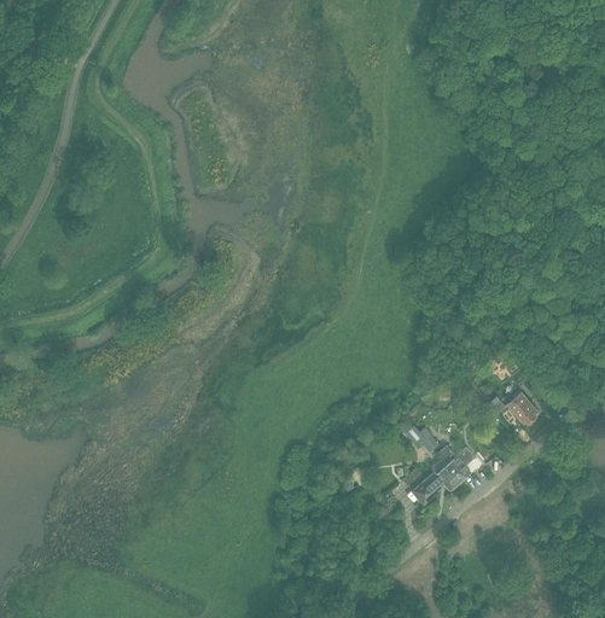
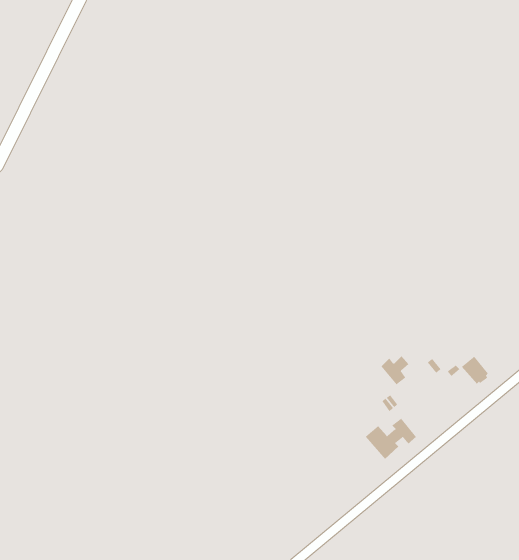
building: [442,448,473,480] -> [381,355,409,385]

